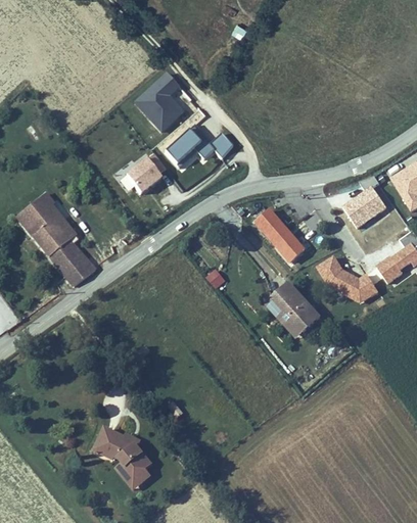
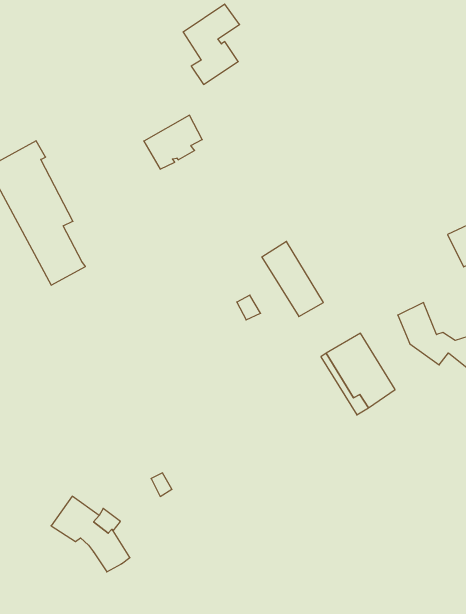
building: [161,127,230,165] -> none
building: [262,209,309,259] -> [262,241,323,317]
building: [124,463,158,488] -> none

